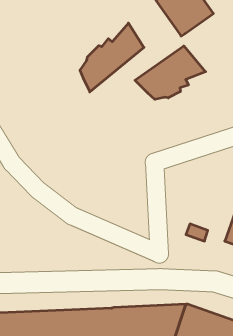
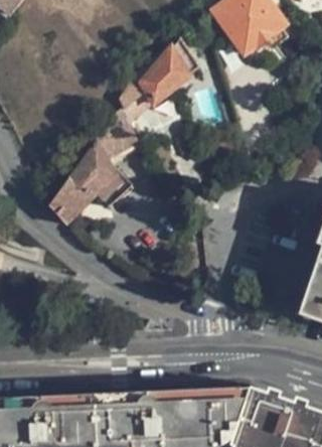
building: [135,46,206,99] -> none
building: none -> [46,109,138,226]

